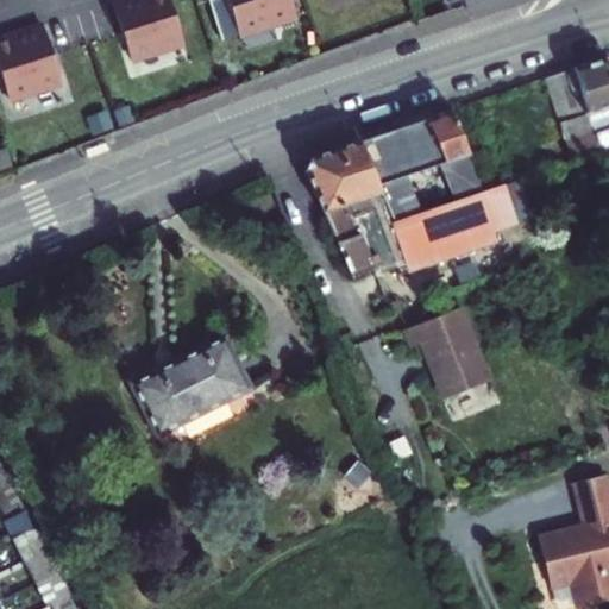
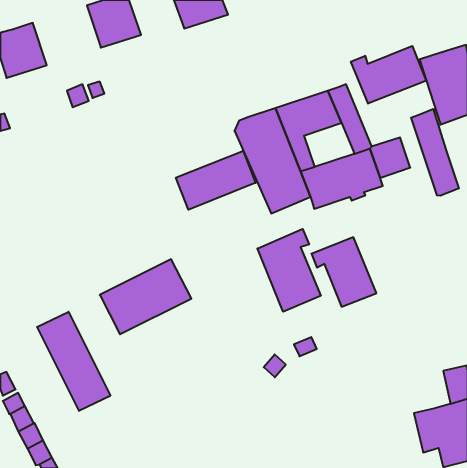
building: none -> [351,46,426,104]
building: none -> [411,109,459,196]
building: none -> [176,151,256,210]
building: none -> [257,229,321,312]
building: none -> [37,312,110,411]

